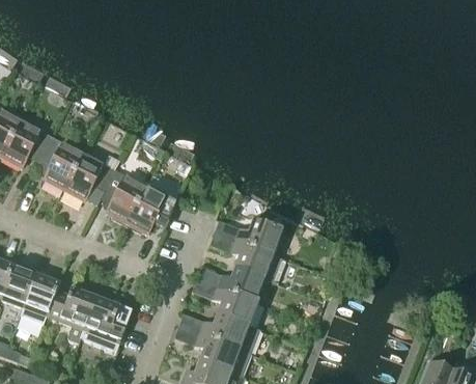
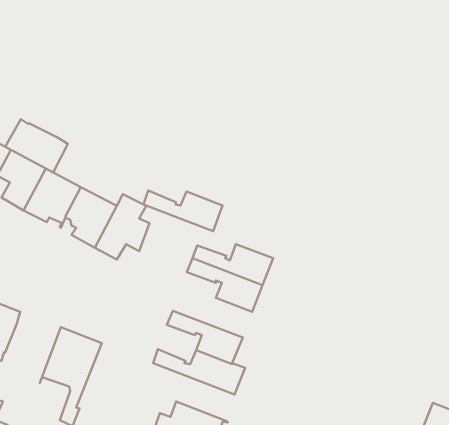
building: none -> [5,119,68,172]
building: [196,267,267,303] -> [143,190,223,231]
building: [47,284,96,344] -> none
building: [173,326,251,377] -> none

